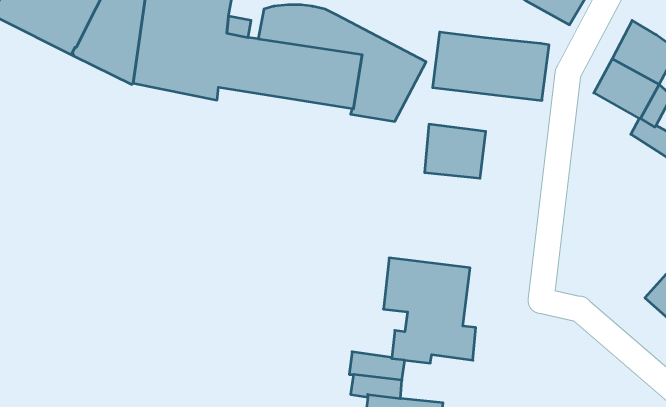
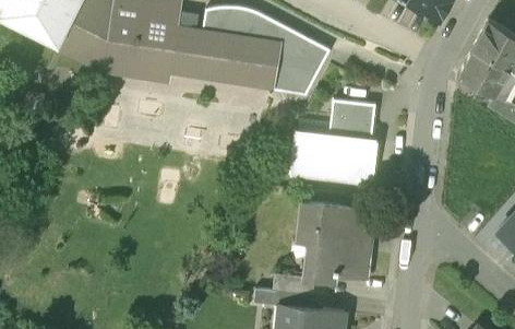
building: [433,32,549,100] -> [288,131,378,184]

